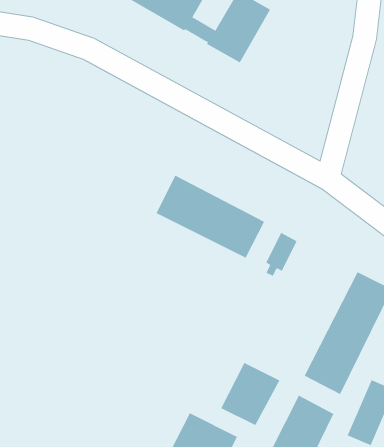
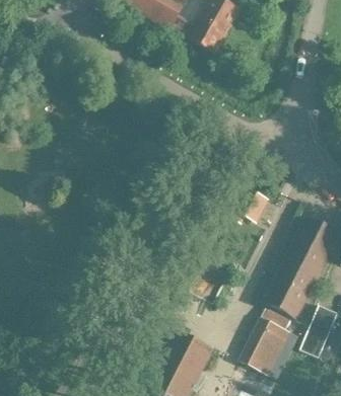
building: [156,175,265,258] -> none
building: [220,362,280,426] -> none

